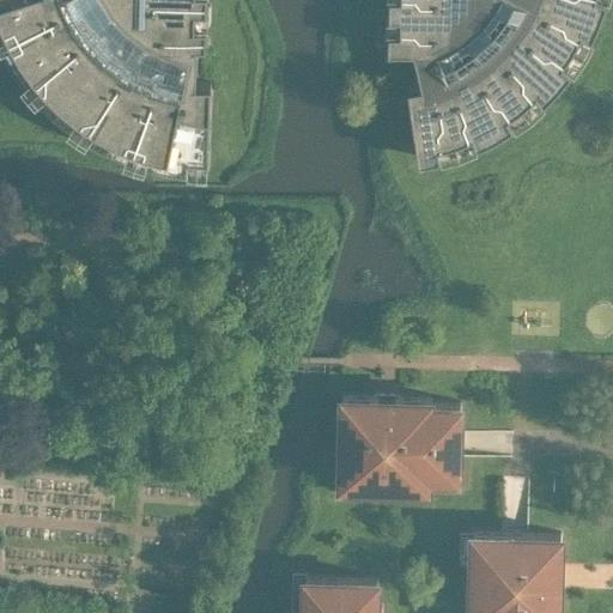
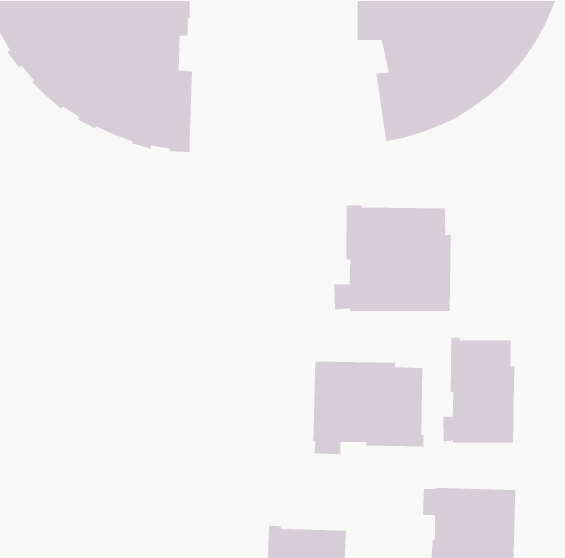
building: none -> [334,204,452,312]
building: none -> [443,337,515,443]

